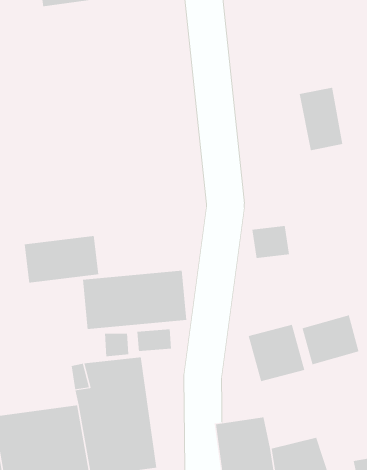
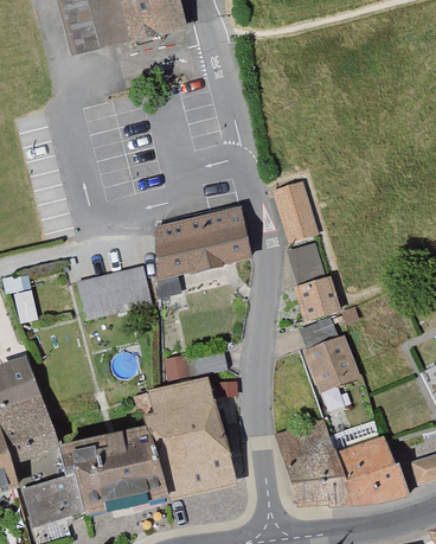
building: [299,87,343,151] -> [275,178,322,241]
building: none -> [294,273,338,318]
building: [82,270,187,330] -> [148,213,252,280]
building: [302,314,359,365] -> none

